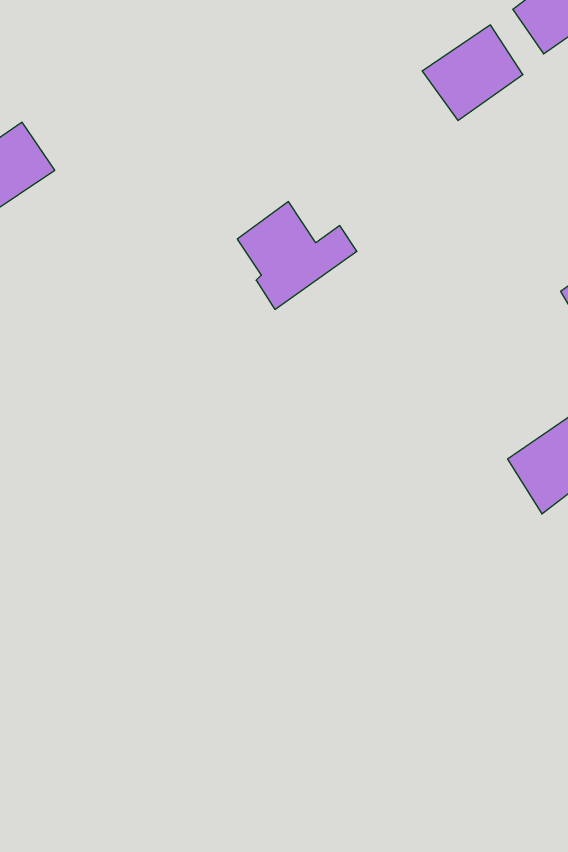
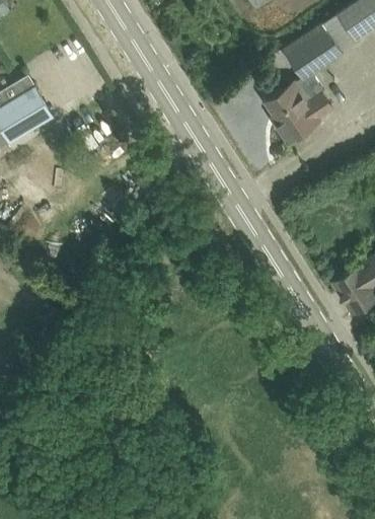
building: [237,202,357,309] -> [265,78,335,142]

